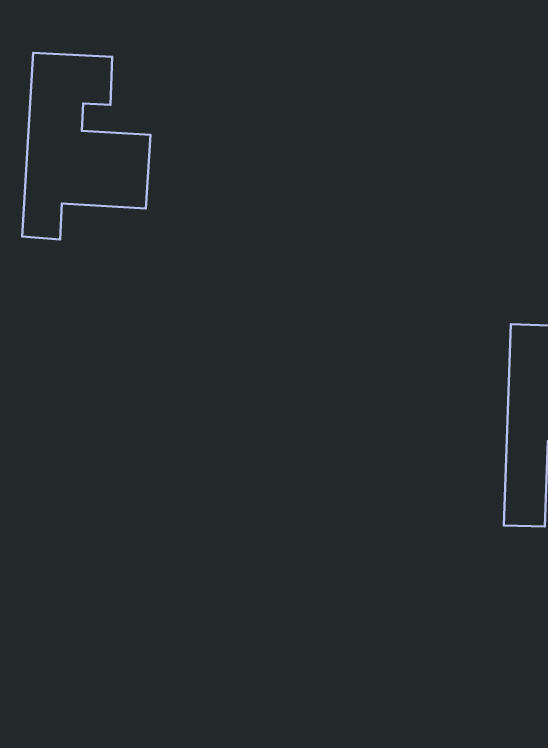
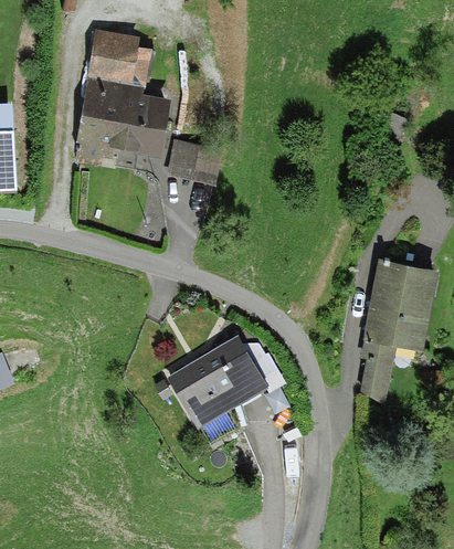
building: none -> [170,142,222,182]
building: none -> [170,338,263,424]

